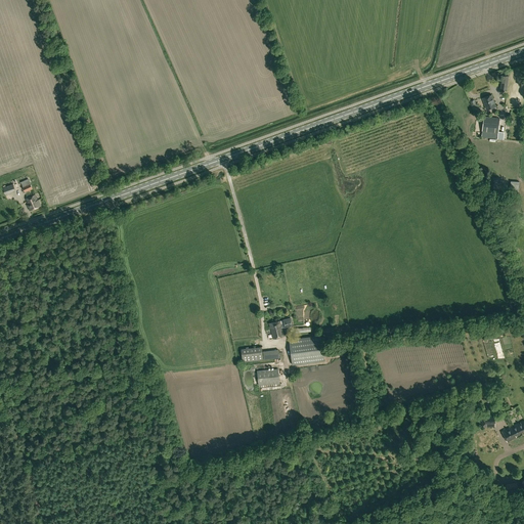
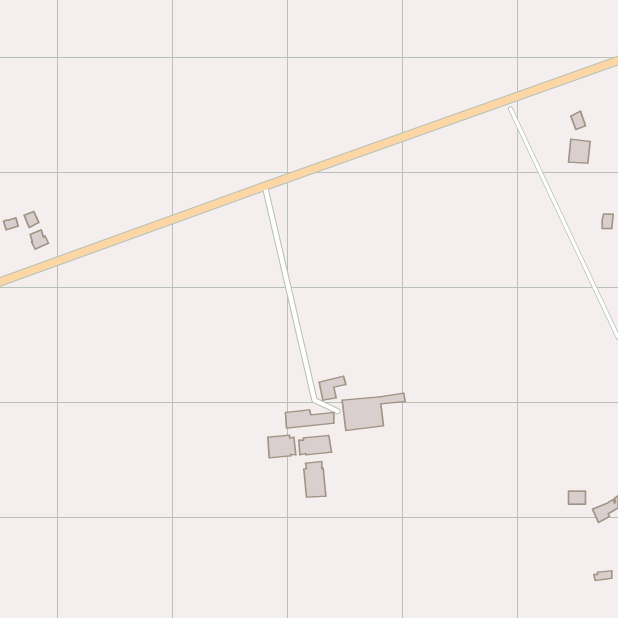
building: none -> [268,435,296,458]
building: none -> [304,462,326,497]

